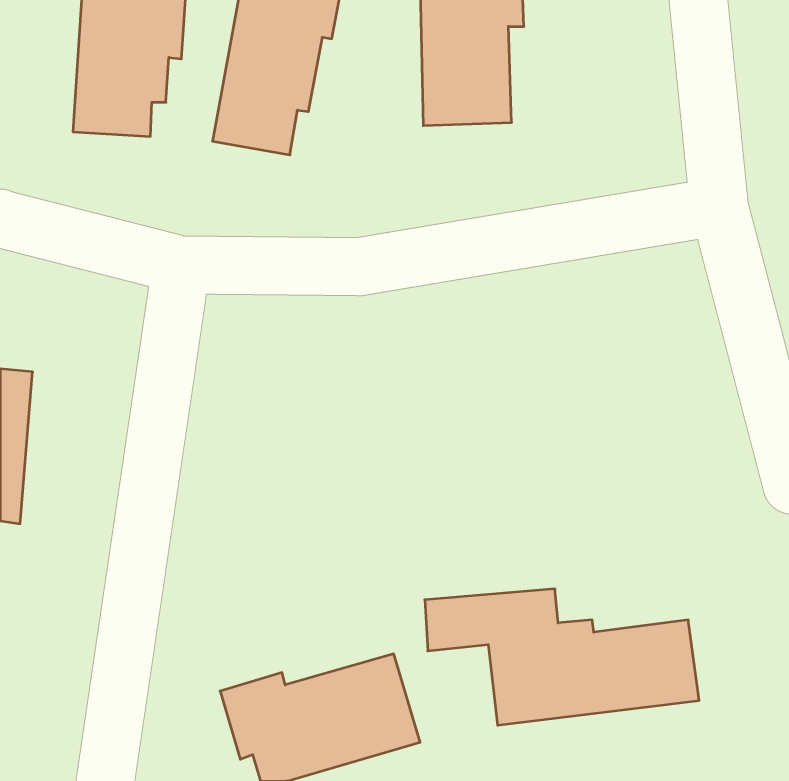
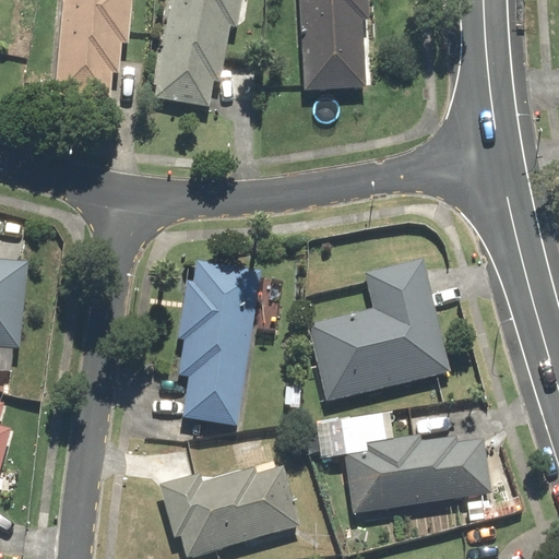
building: none -> [310,257,448,397]
building: none -> [174,260,259,429]

